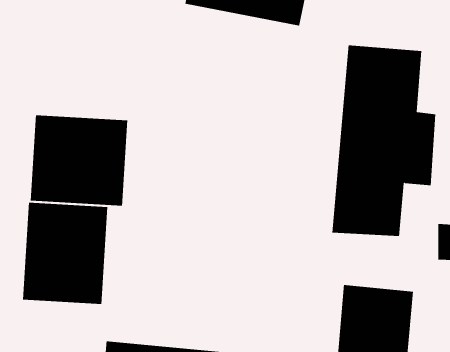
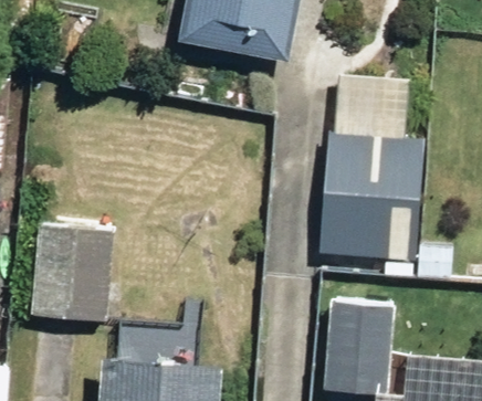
building: [30,114,128,207] -> none

